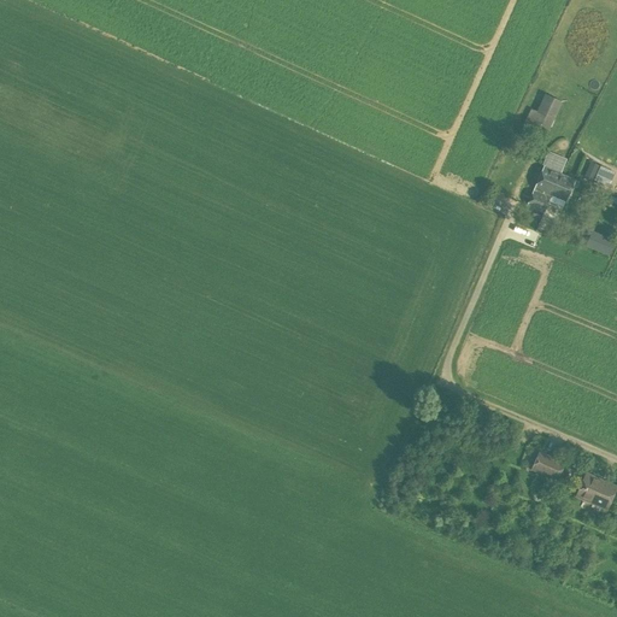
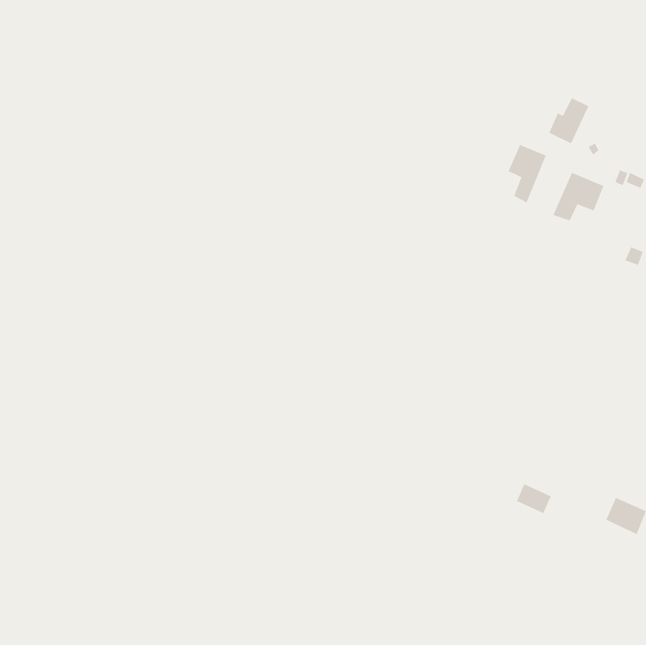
building: none -> [508,144,547,203]
building: [531,451,565,480] -> [516,484,551,514]

